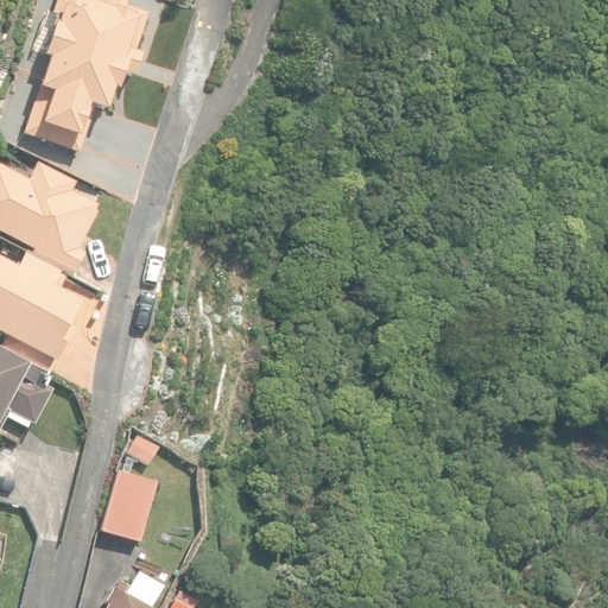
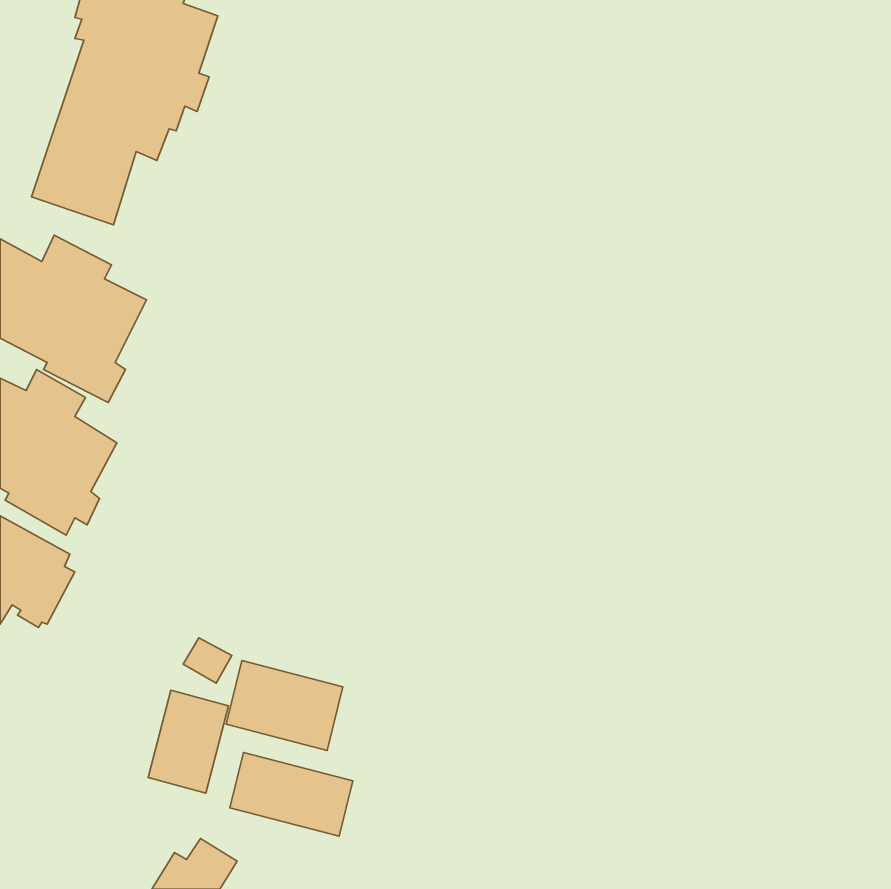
building: none -> [226,661,343,751]
building: none -> [230,752,353,836]

